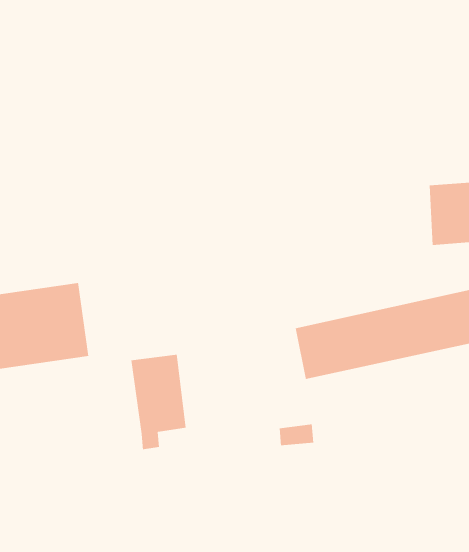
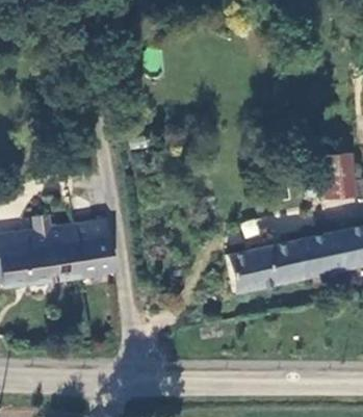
building: [131,354,186,450] -> [75,219,114,287]

